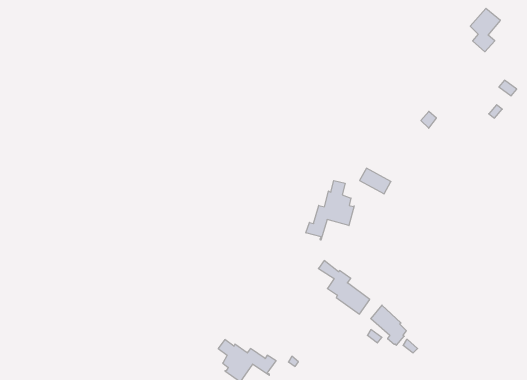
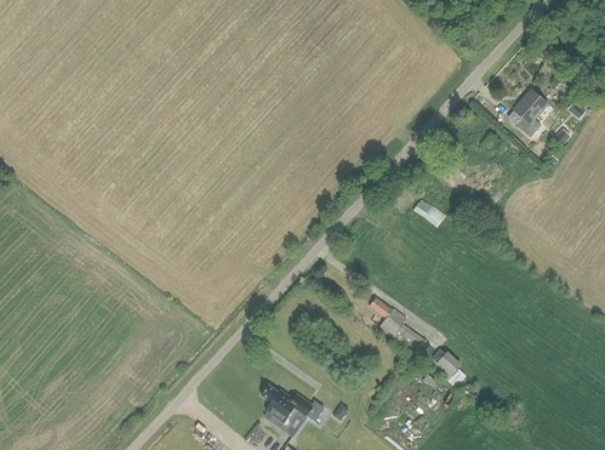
building: [470,8,500,52] -> [515,89,548,136]
building: [306,181,354,240] -> none

